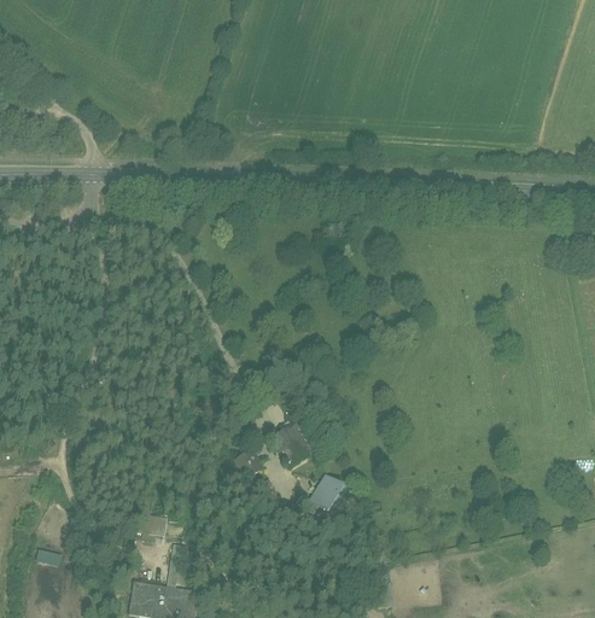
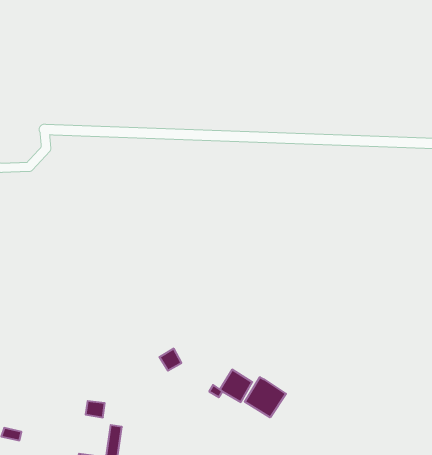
building: [274,426,311,467] -> none
building: none -> [245,377,286,417]

